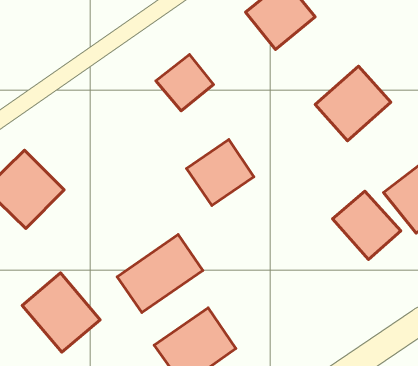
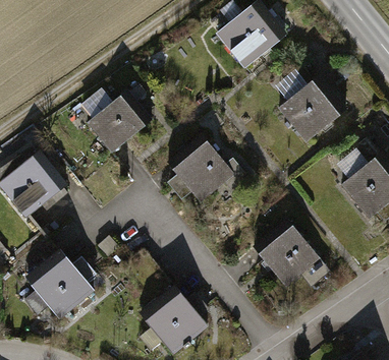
building: [156,54,213,111] -> [89,102,137,149]
building: [332,191,401,260] -> [260,224,318,282]
building: [117,235,203,312] -> none

